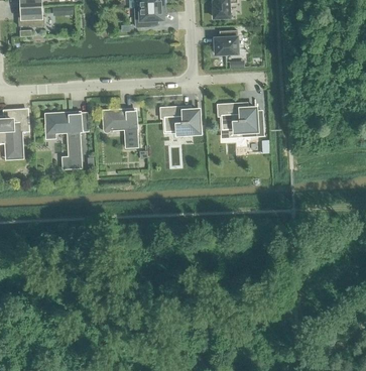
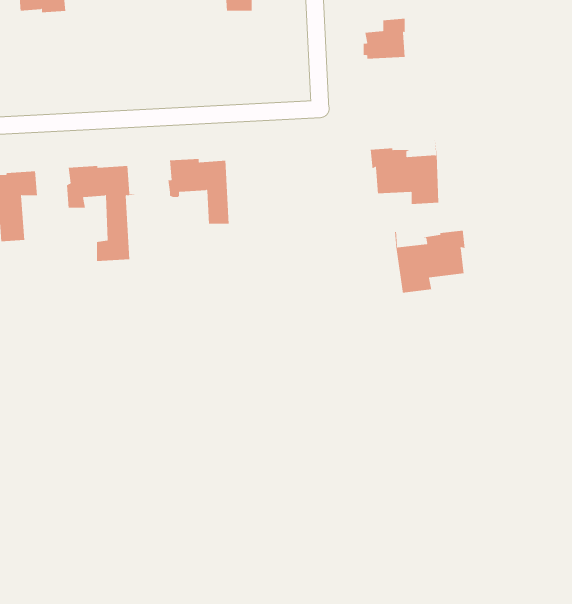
building: [159,105,200,134] -> none
building: none -> [395,230,465,293]

